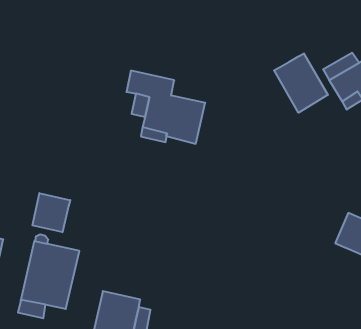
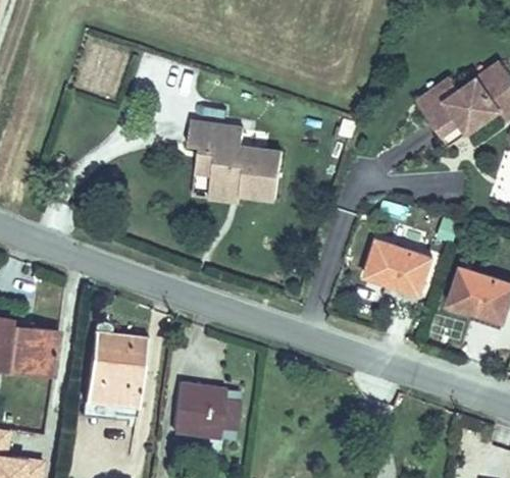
building: [274,53,328,113] -> none
building: none -> [365,240,432,295]
building: [32,193,70,232] -> none

